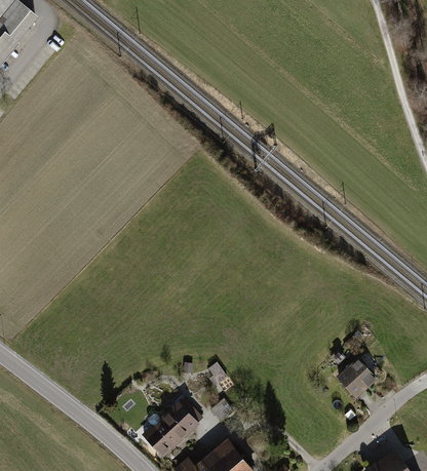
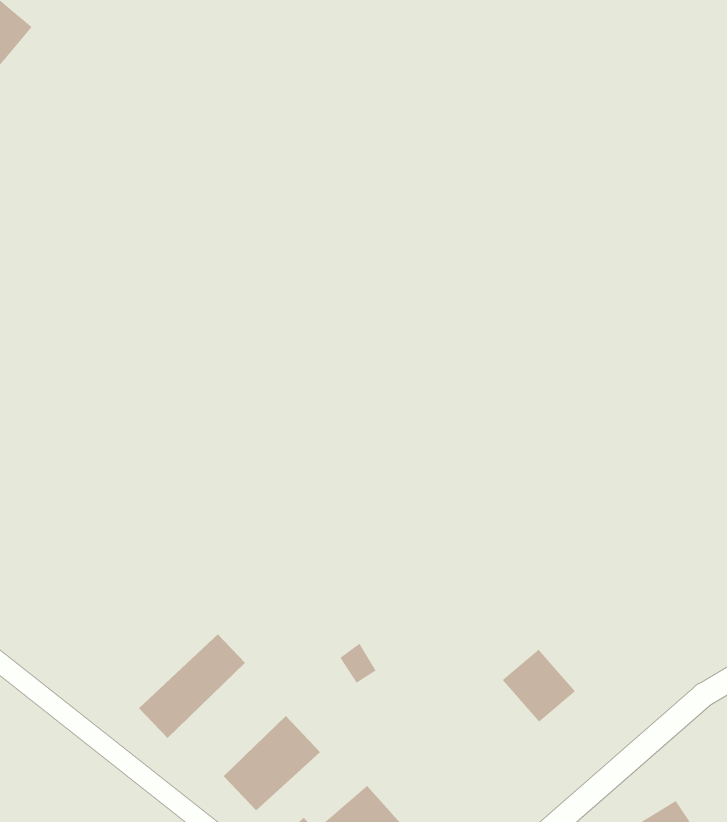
building: none -> [138,633,246,739]
building: [337,357,378,398] -> [502,649,576,723]

